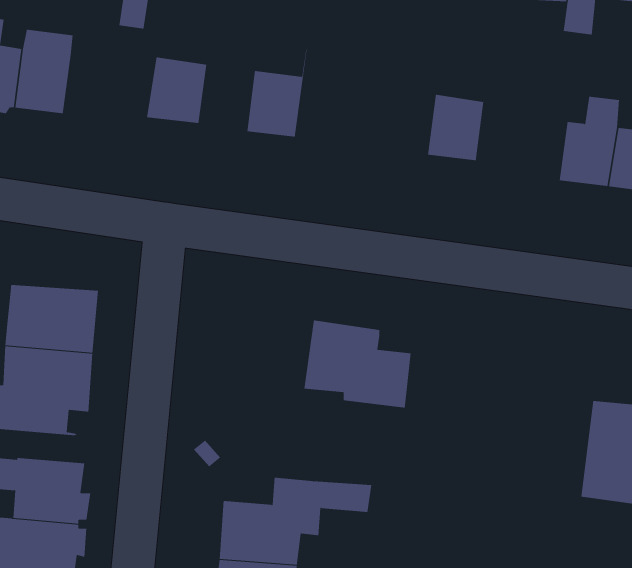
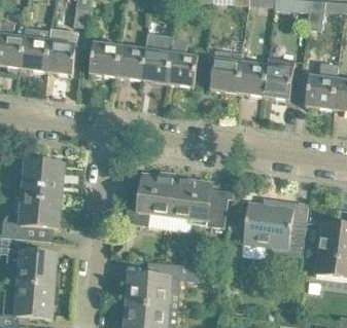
building: none -> [167,37,198,87]
building: none -> [45,40,76,75]
building: none -> [116,45,145,80]
building: none -> [262,57,294,100]
building: none -> [210,58,240,93]
building: none -> [125,171,176,224]
building: none -> [243,201,308,254]

